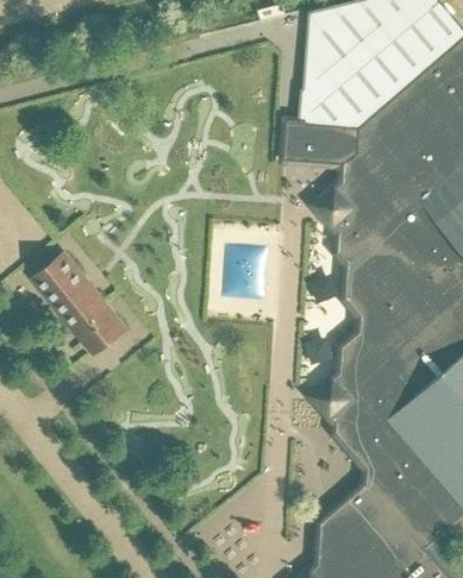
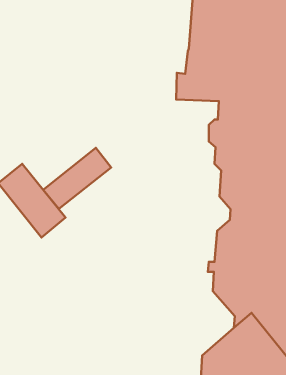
building: none -> [43,148,111,209]

